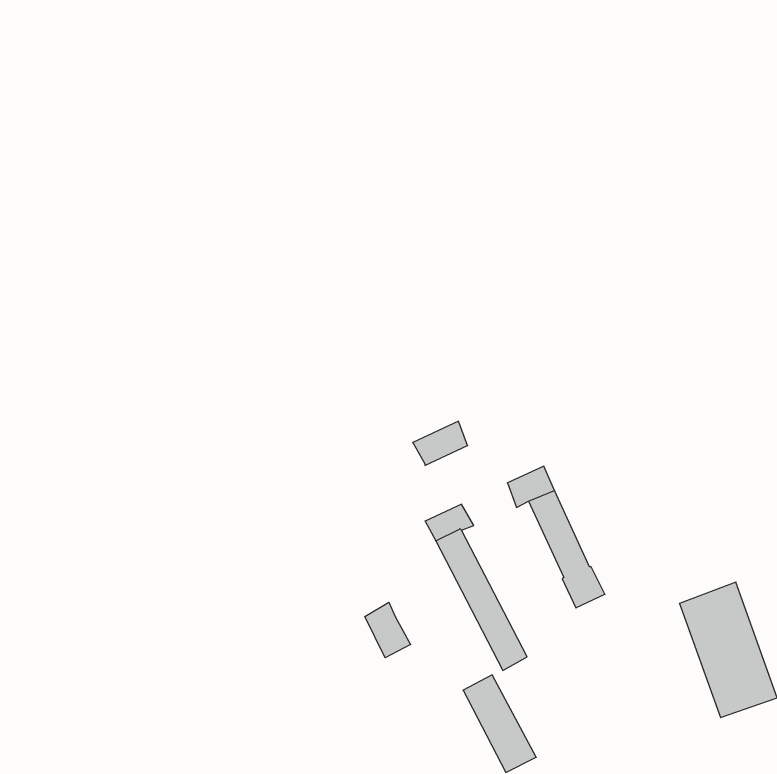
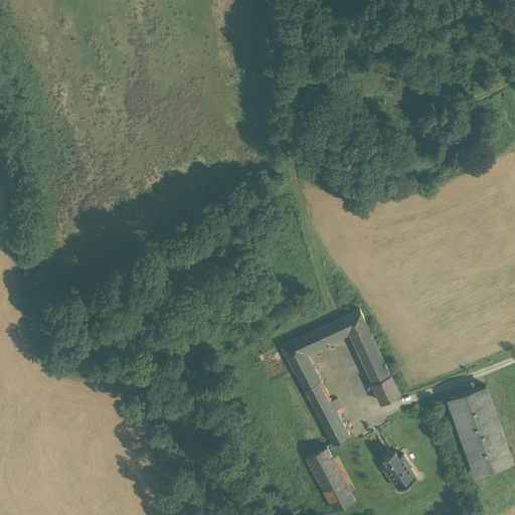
building: [413,421,468,465] -> [305,322,341,351]
building: [365,602,411,658] -> none
building: none -> [383,453,416,492]

